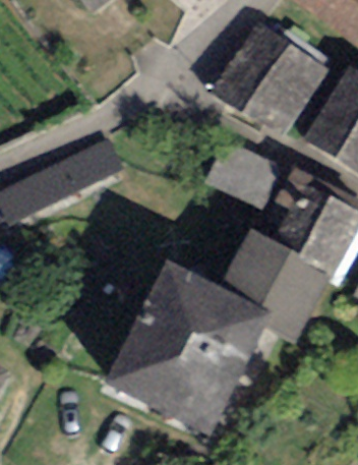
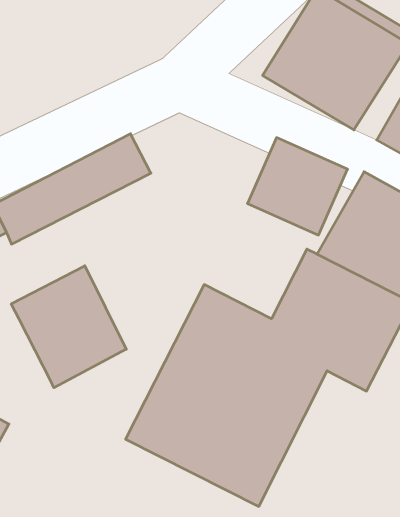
building: none -> [11,266,126,388]

